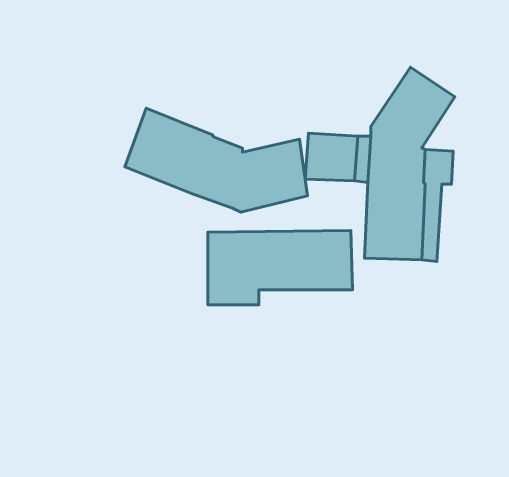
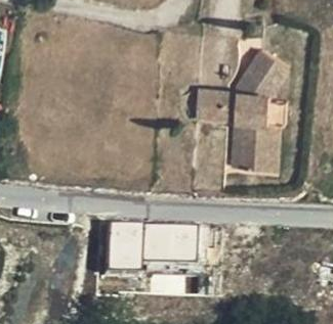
building: [125,108,308,212] -> none
building: [208,231,353,305] -> [108,223,198,269]

